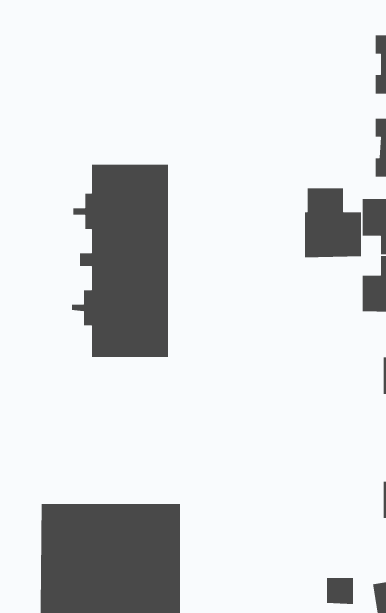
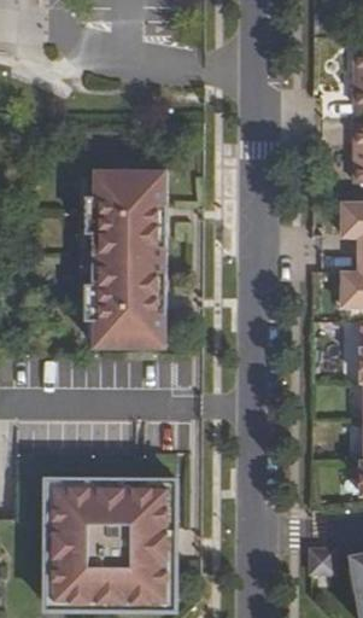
building: [304,187,362,258] -> none

